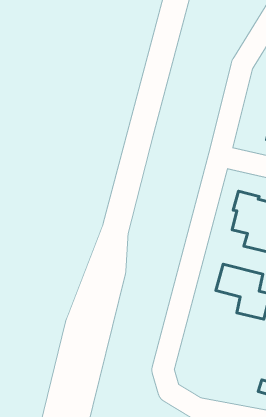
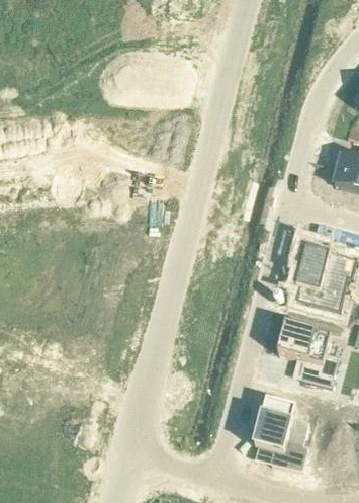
building: none -> [254,398,307,470]

